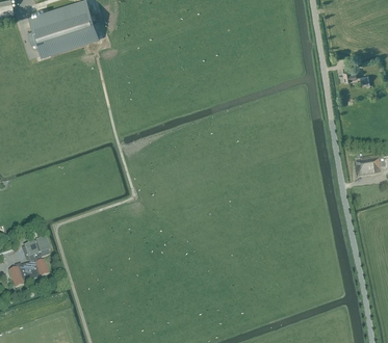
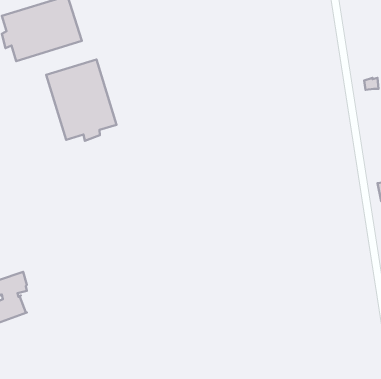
building: none -> [46,60,116,141]

